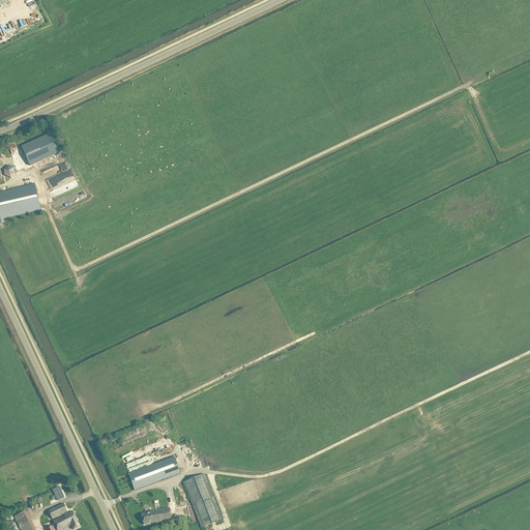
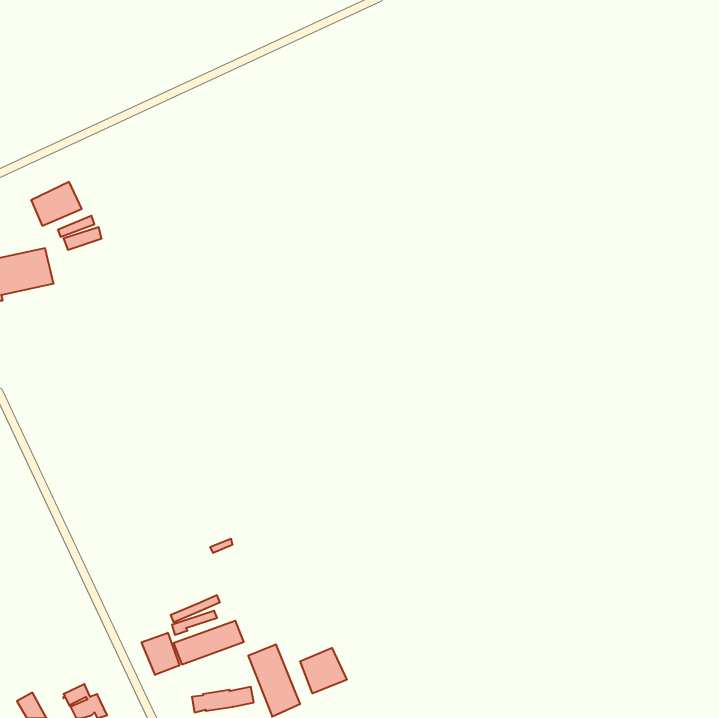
building: none -> [142,633,179,675]
building: none -> [300,648,347,693]

